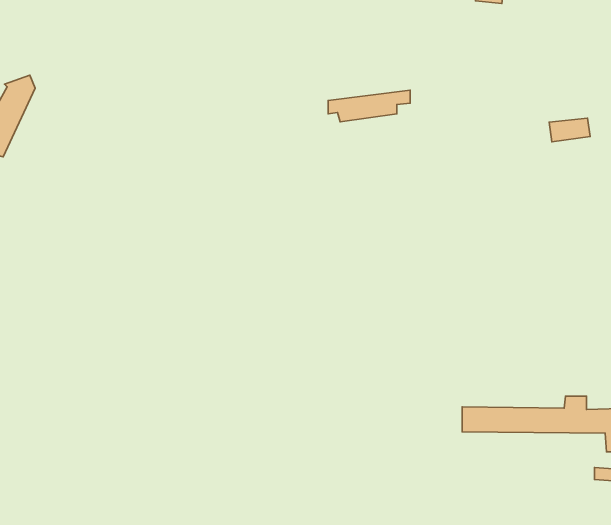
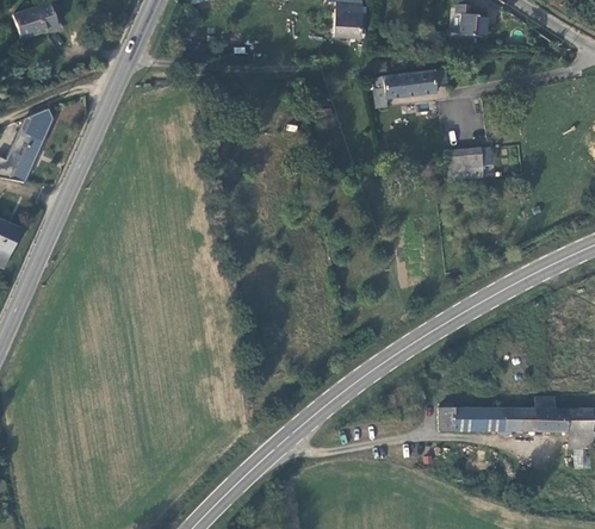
building: [328,90,410,122] -> [373,69,447,98]
building: [549,118,590,142] -> [446,148,483,169]

